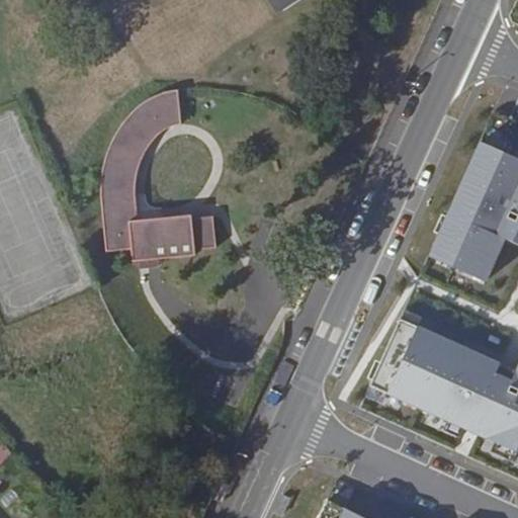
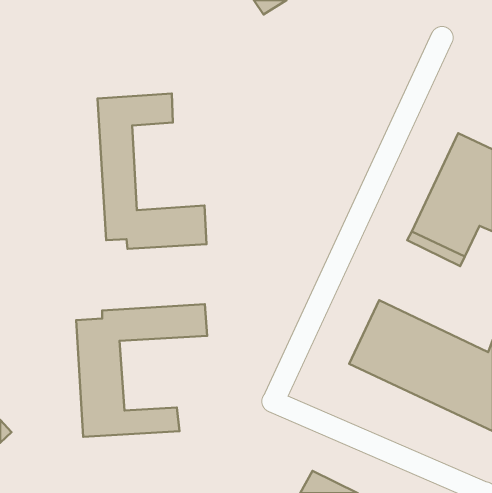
building: none -> [76,304,207,437]

